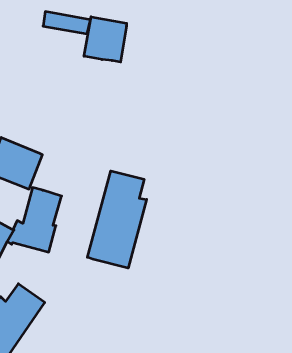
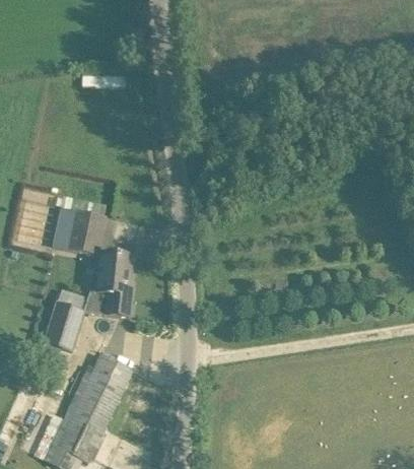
building: [84,17,127,62] -> none
building: [87,171,147,268] -> none

